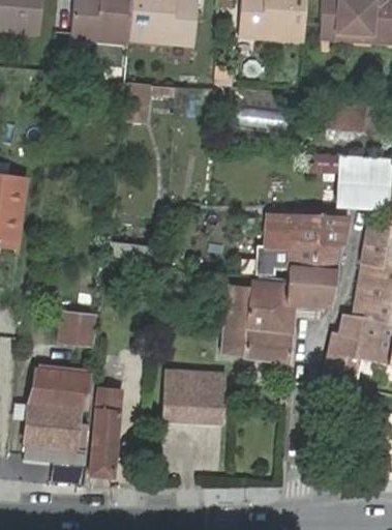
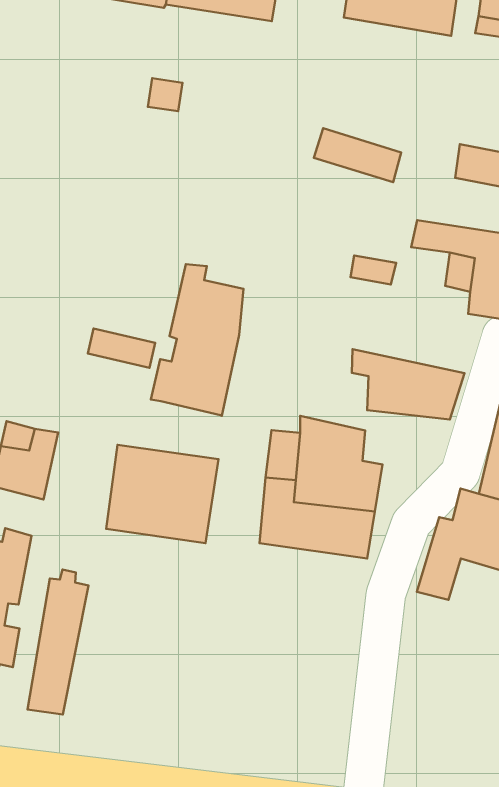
building: none -> [151,264,244,416]
building: [270,219,344,245] -> none
building: [282,273,333,307] -> none
building: [163,372,228,426] -> [106,445,218,543]

